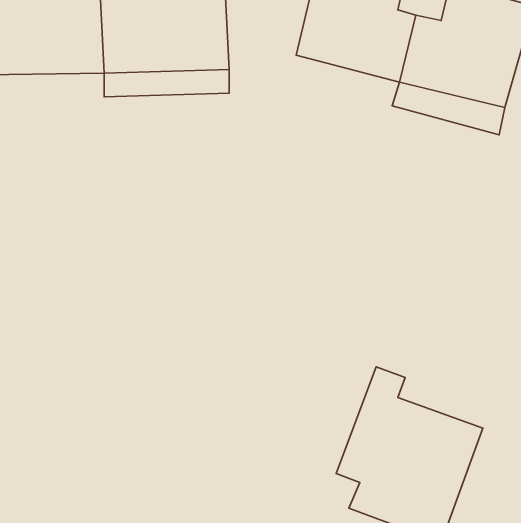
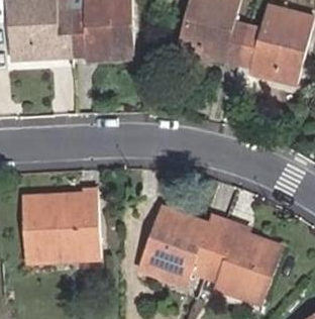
building: none -> [25,191,100,280]
building: none -> [134,203,226,285]

